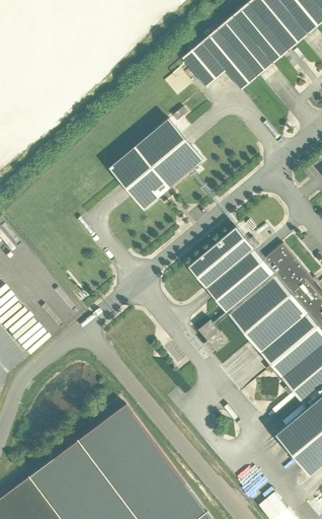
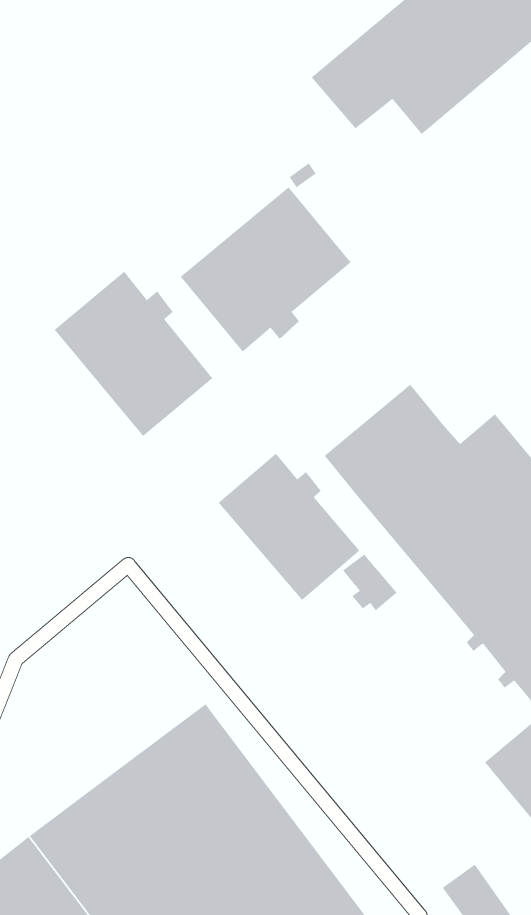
building: none -> [54,271,213,437]
building: none -> [218,453,360,601]

